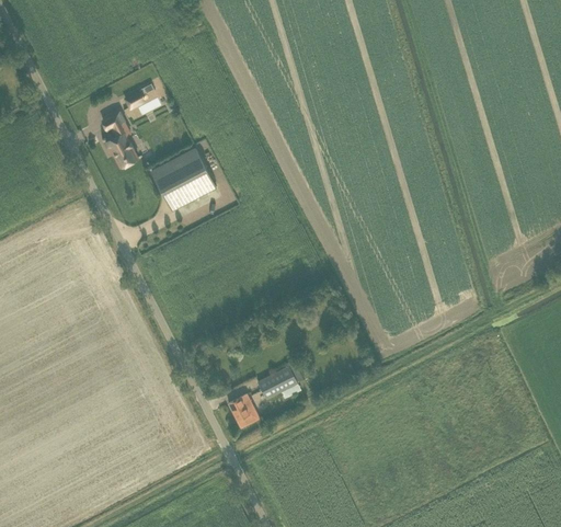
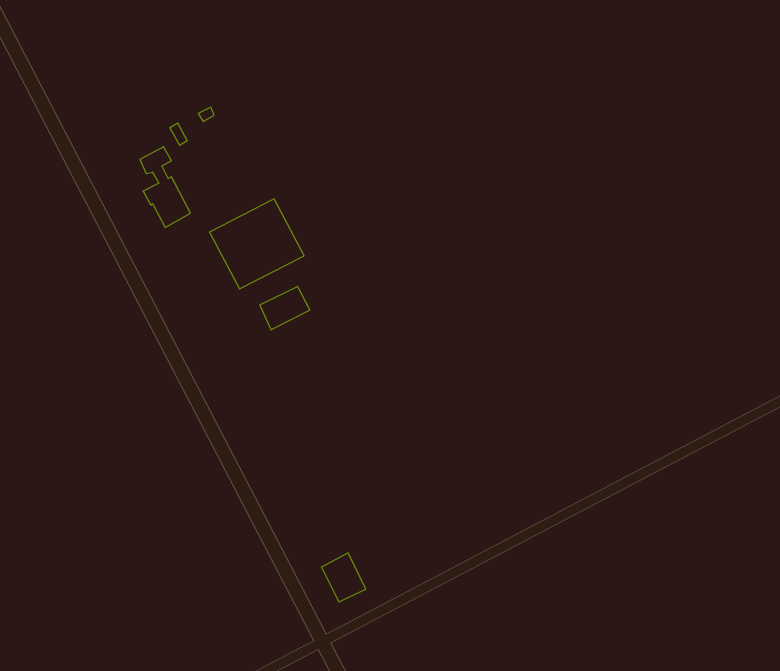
building: none -> [260,286,310,330]
building: [257,365,298,399] -> none

